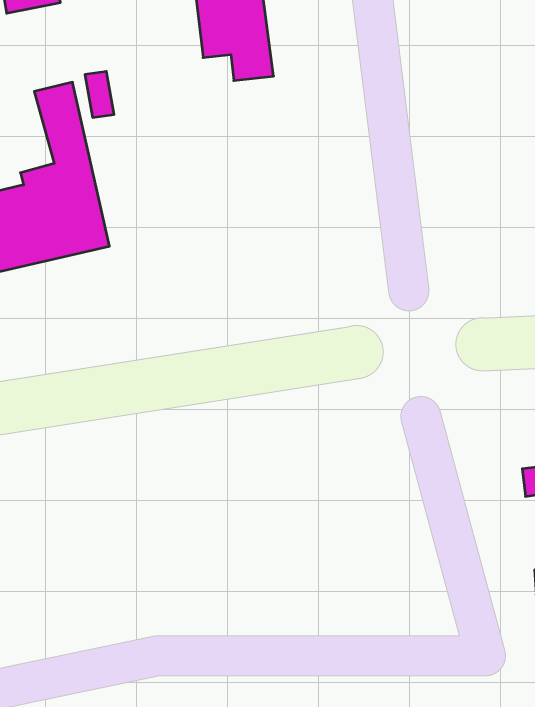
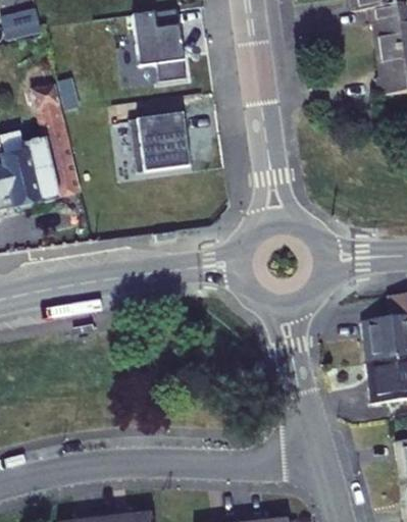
building: none -> [134,109,196,171]

